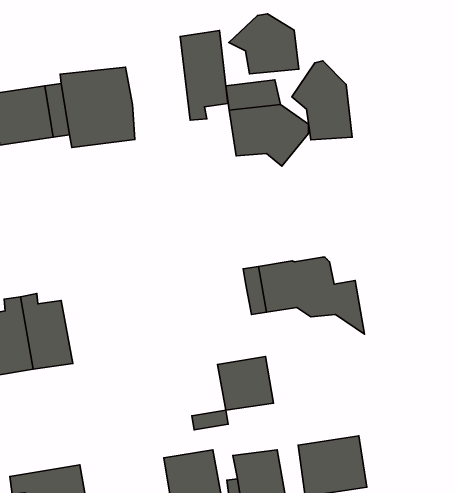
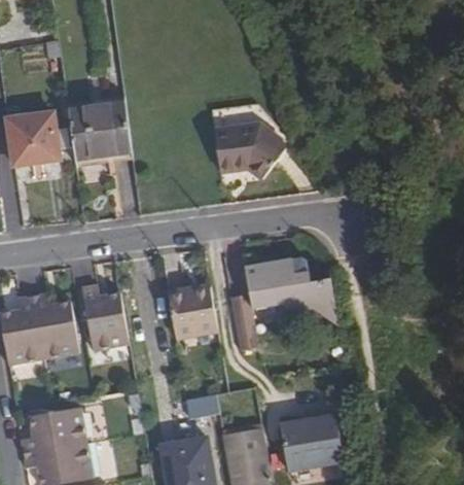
building: [229,14,299,74] -> none
building: [180,31,228,120] -> none
building: [292,61,352,140] -> none
building: none -> [83,284,128,351]
building: [218,356,274,410] -> [167,289,216,337]
building: none -> [22,408,86,454]

